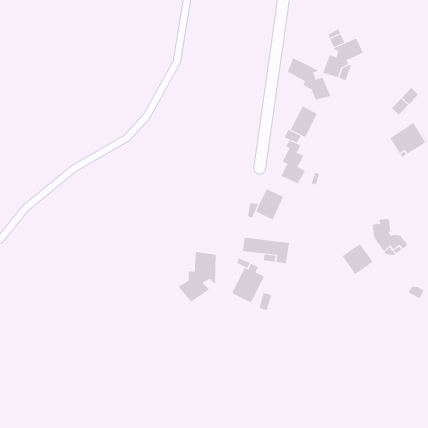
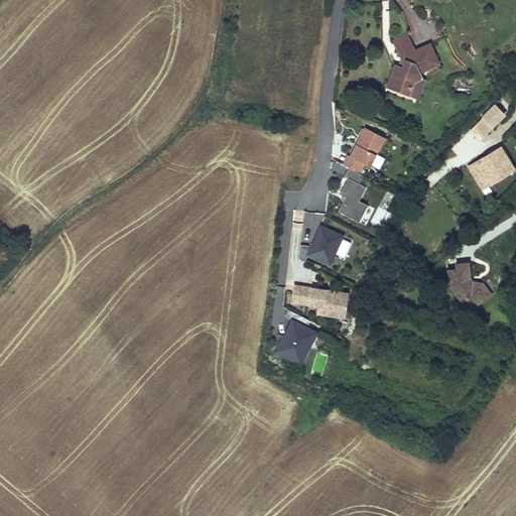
building: [287,57,331,100] -> none
building: [342,243,373,275] -> none
building: [178,251,216,303] -> none

